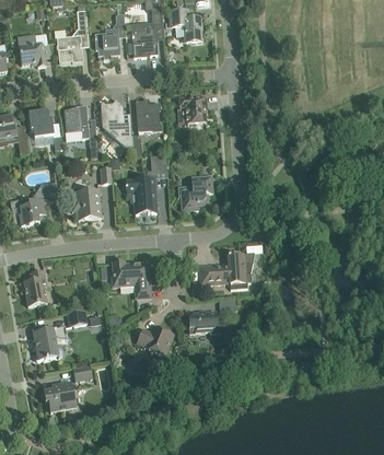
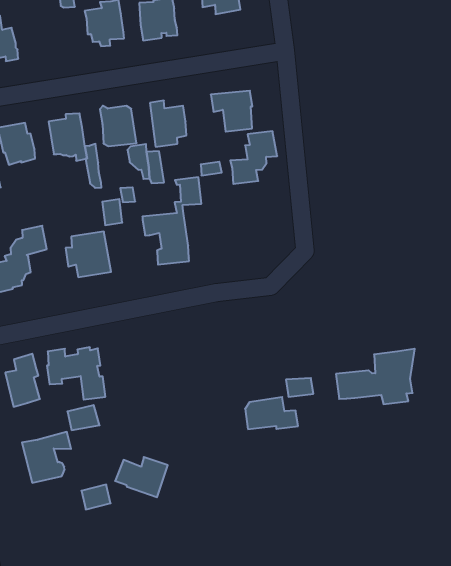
building: [56,35,82,62] -> none
building: [179,175,212,210] -> [230,131,277,184]
building: [198,252,254,289] -> [336,349,415,404]
building: [110,261,150,298] -> [47,347,105,400]
building: [136,327,173,355] -> [115,457,168,497]
building: [43,381,75,411] -> none

